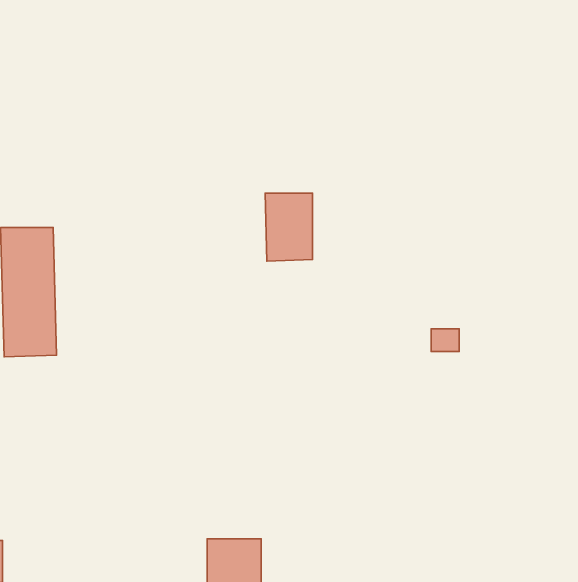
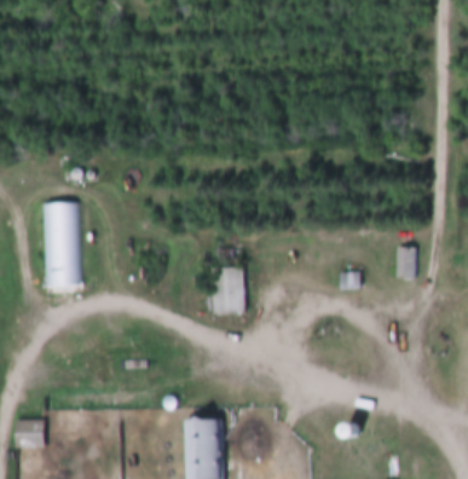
building: [265,193,312,261] -> [210,267,243,314]
building: none -> [395,247,416,279]

